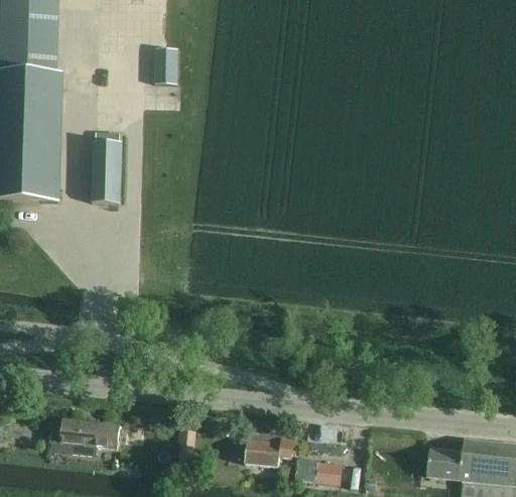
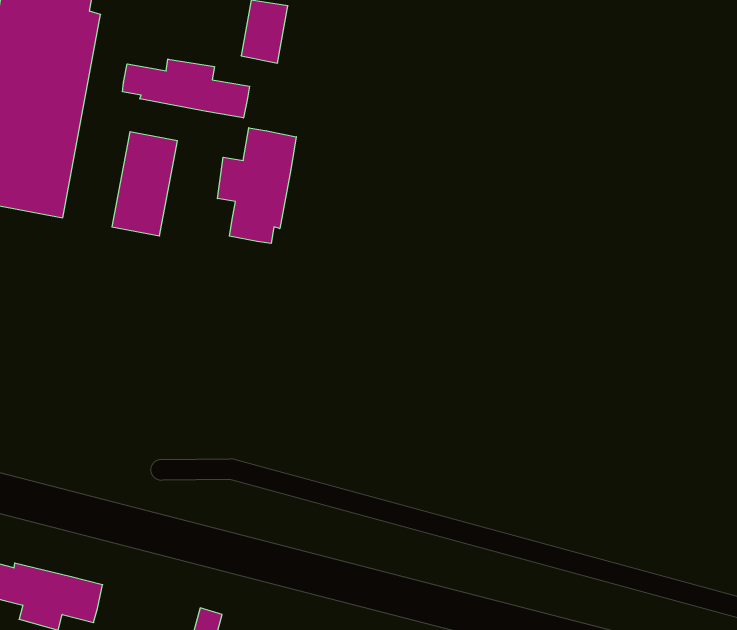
building: none -> [123,59,249,118]
building: none -> [217,128,296,243]

